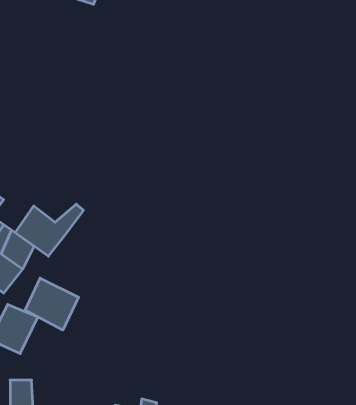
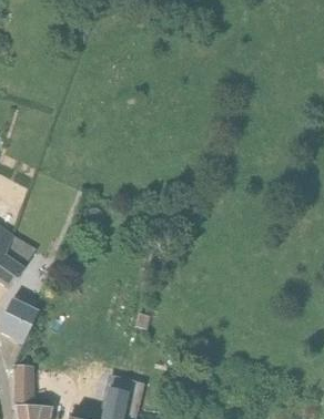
building: [15,204,83,256] -> none
building: [25,278,79,330] -> none

